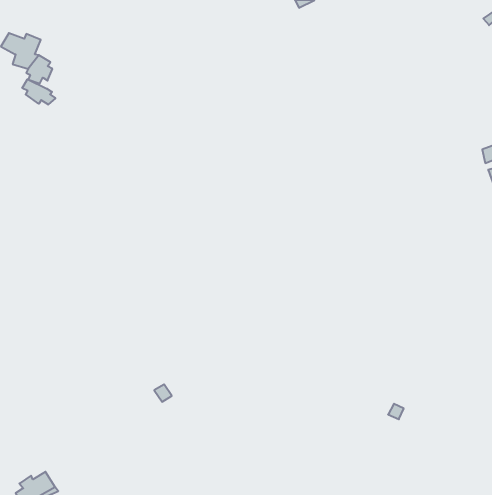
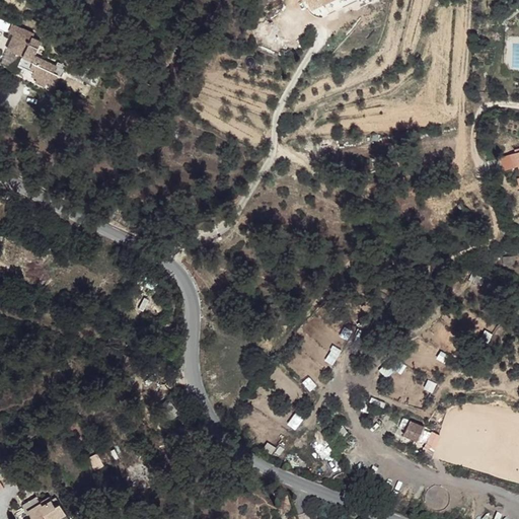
building: [22,79,55,105] -> none

